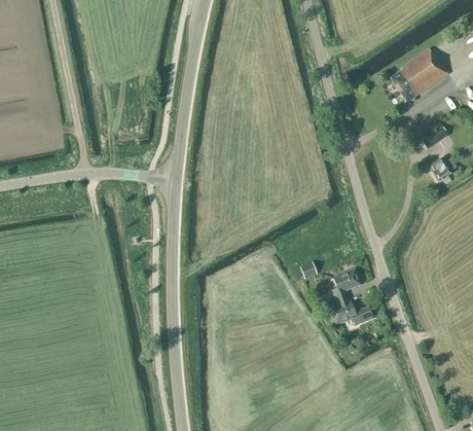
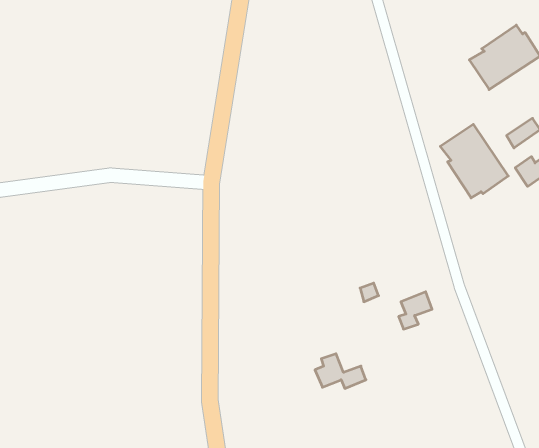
building: none -> [440,124,508,198]
building: [331,295,373,324] -> [315,354,366,388]

